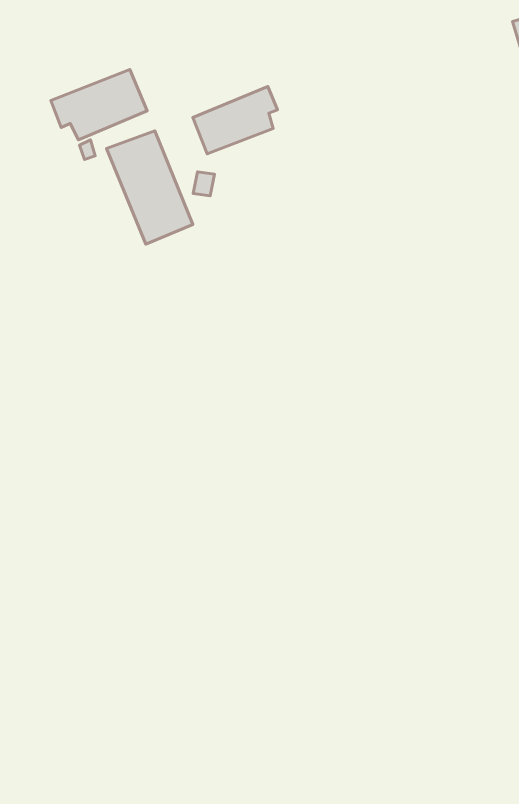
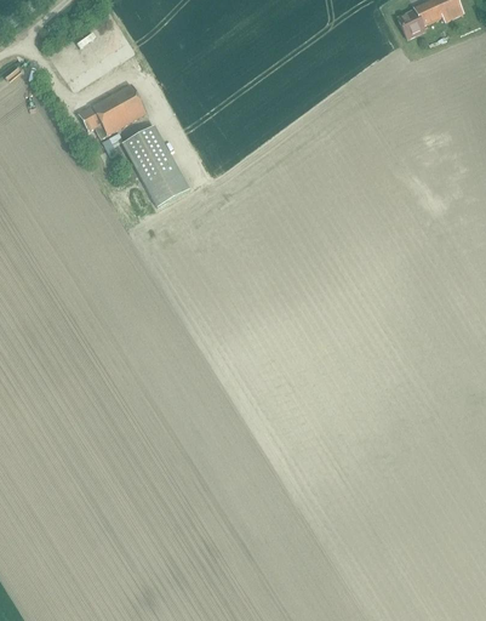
building: [193,87,278,154] -> none

